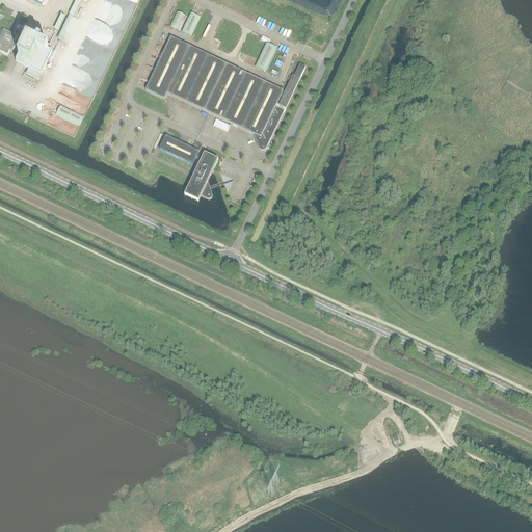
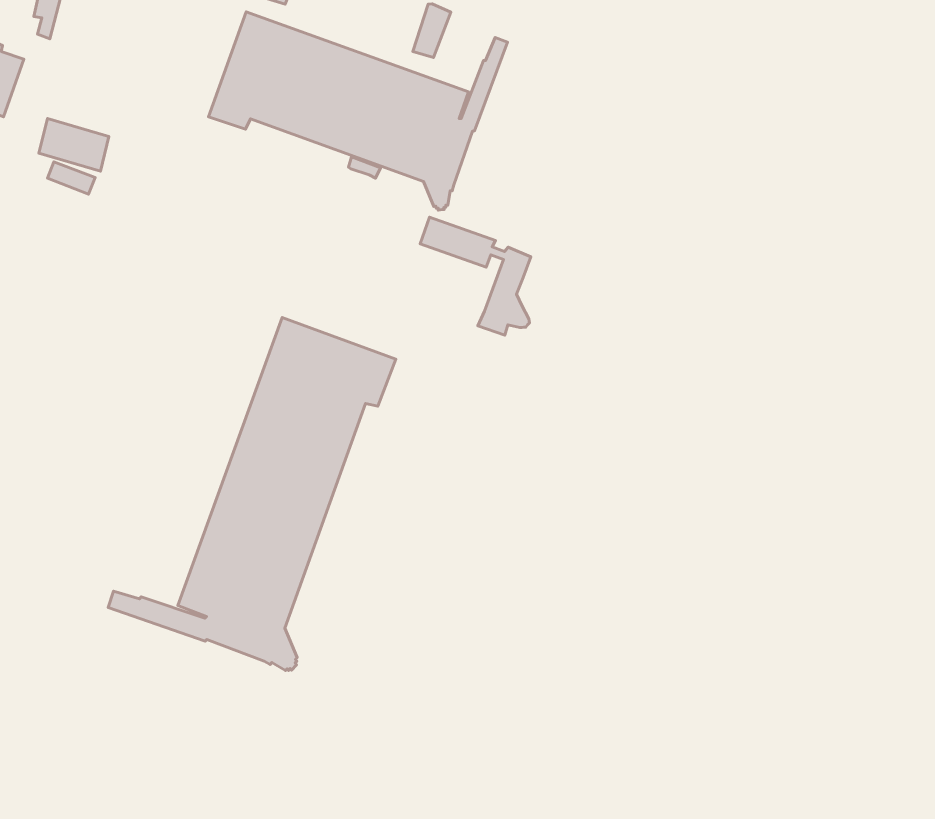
building: [158,132,215,197] -> [420,217,531,335]
building: none -> [108,317,396,671]

